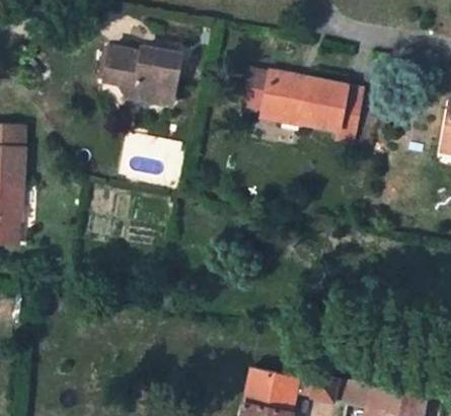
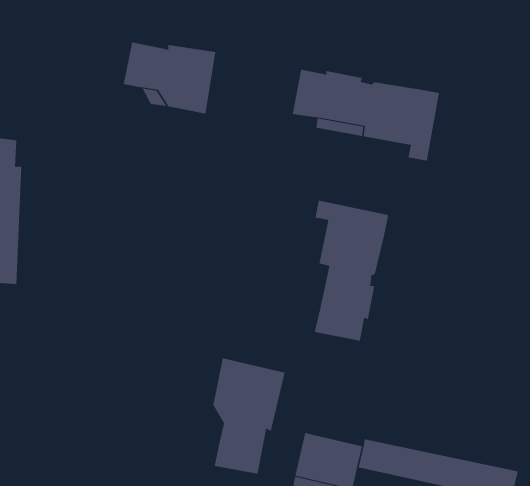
building: none -> [314,200,389,342]
building: none -> [213,357,285,474]

